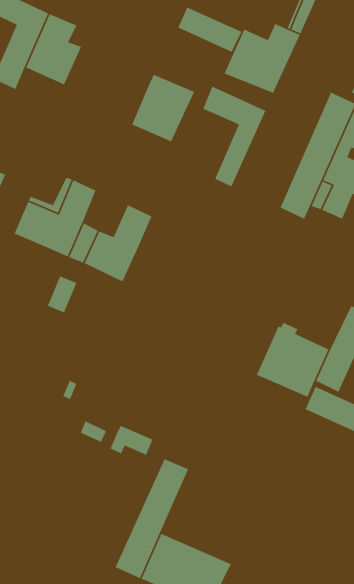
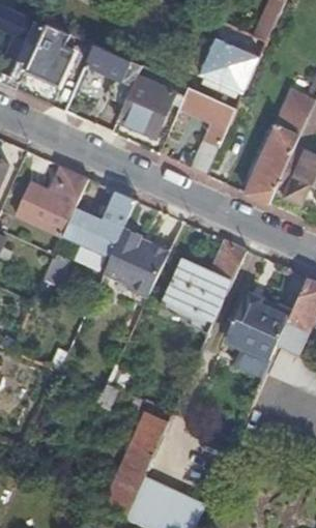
building: [177,6,243,53] -> [85,45,142,85]
building: none -> [104,228,168,295]
building: none -> [160,240,246,333]

